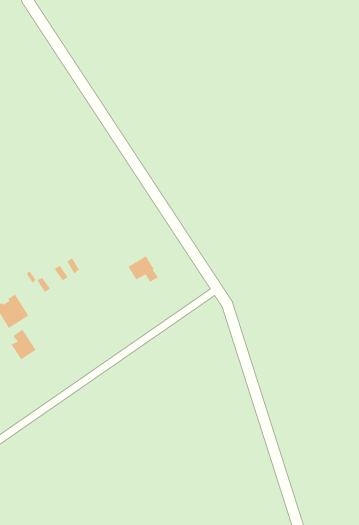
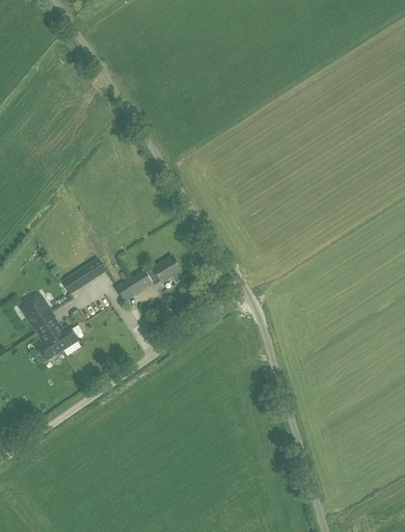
building: none -> [123,269,152,296]
building: none -> [48,324,78,351]

